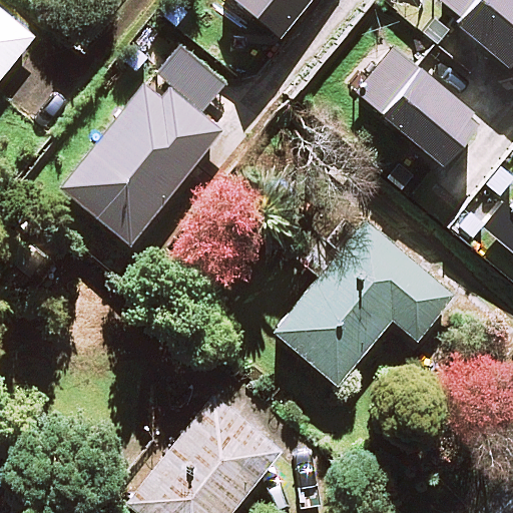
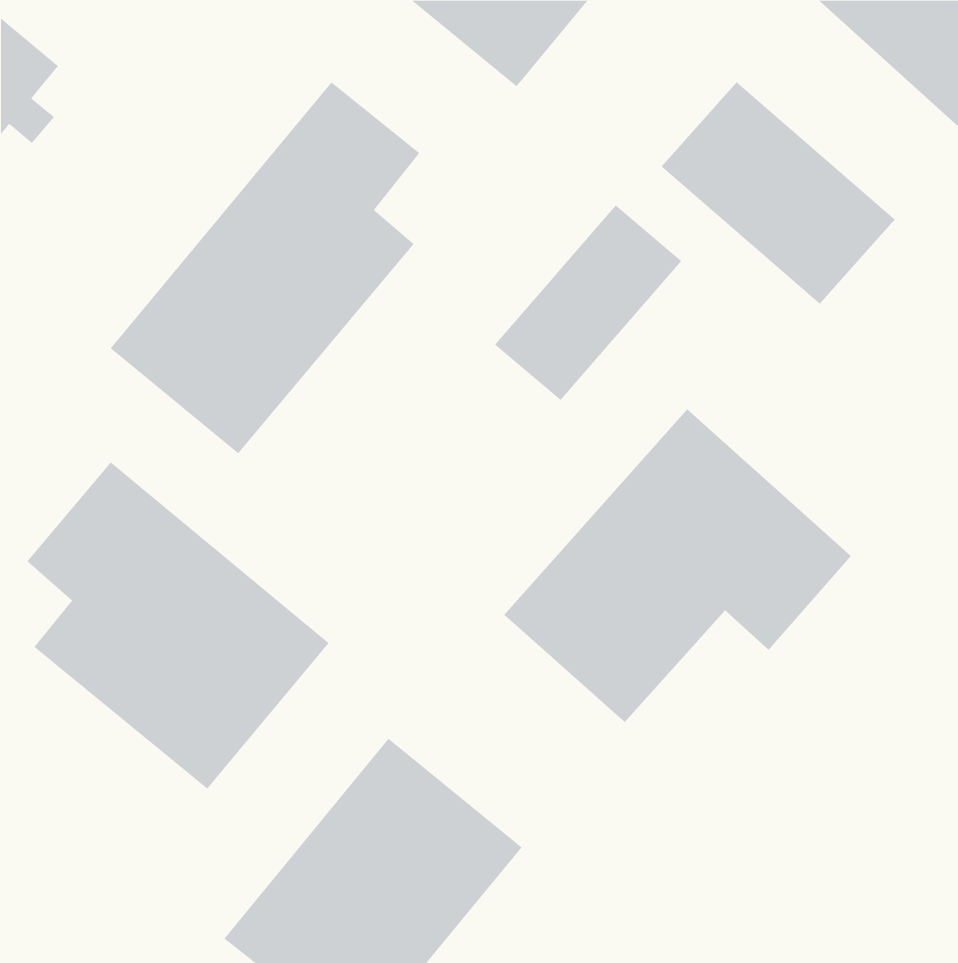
building: none -> [494,205,682,401]
building: none -> [26,462,330,789]

